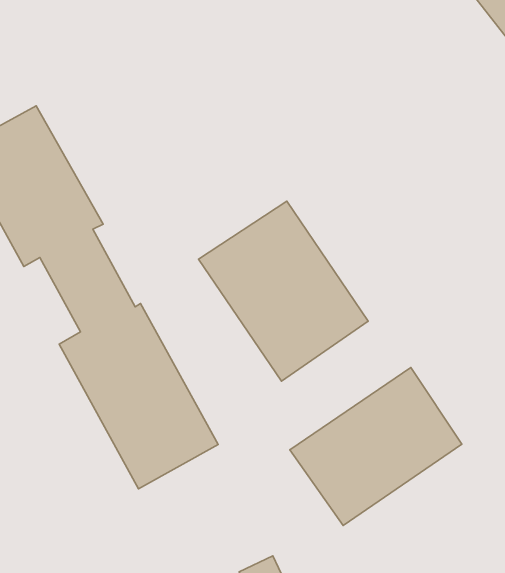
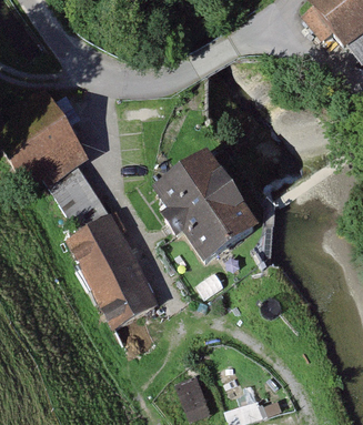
building: [290,367,462,525] -> none

